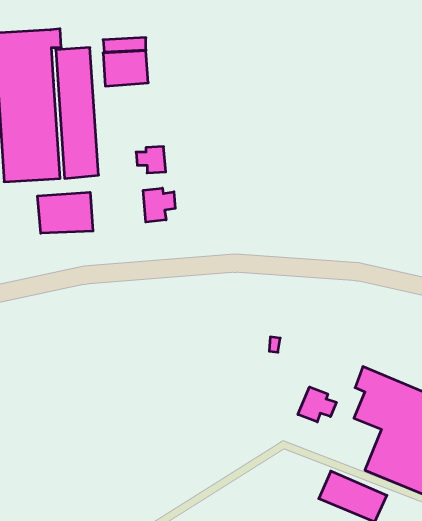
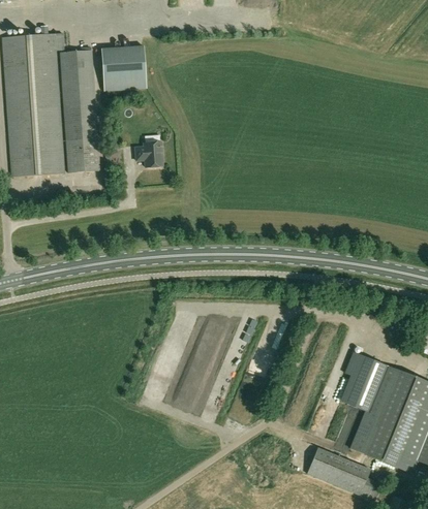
building: [143,188,175,222] -> none
building: [38,192,93,233] -> none
building: [298,387,336,422] -> none

